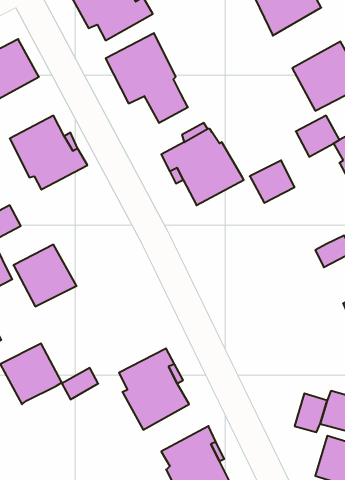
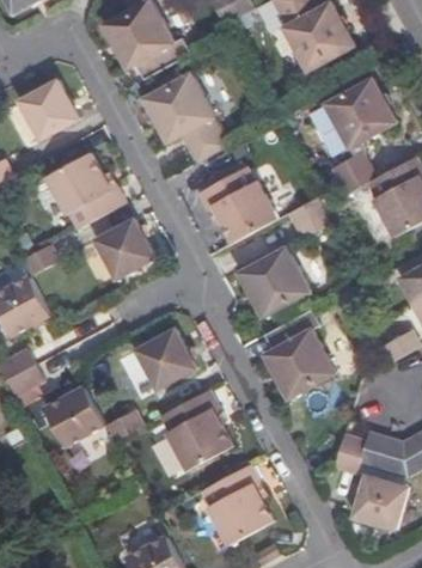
building: none -> [239,252,308,322]
building: [13,245,77,306] -> [94,221,157,282]
building: none -> [263,312,334,399]
building: none -> [136,335,196,392]

